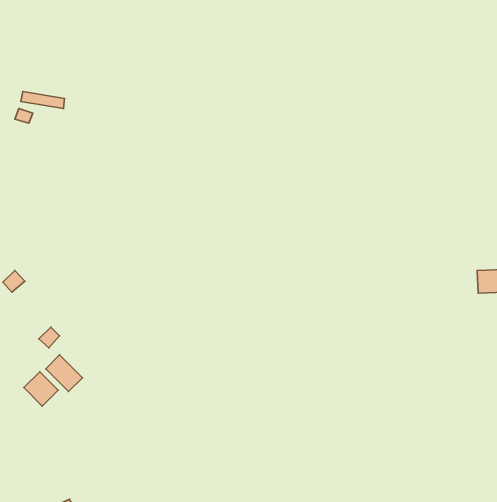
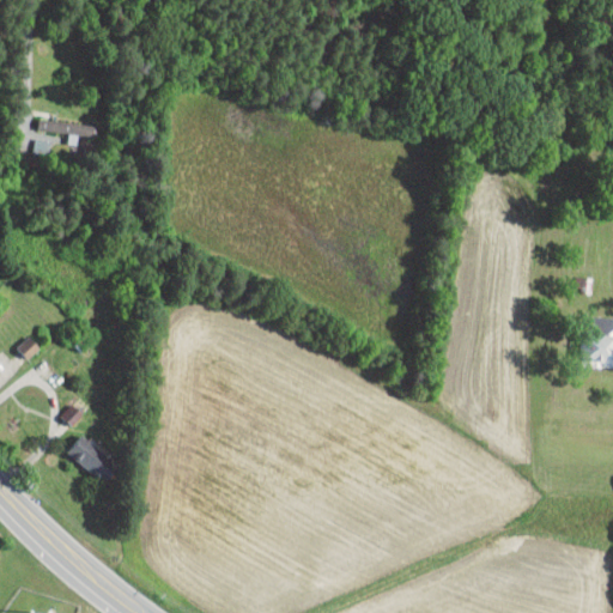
building: [24,372,58,406] -> none

